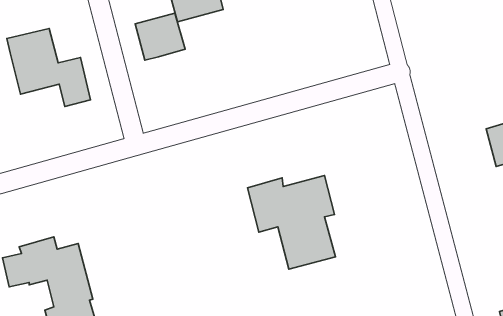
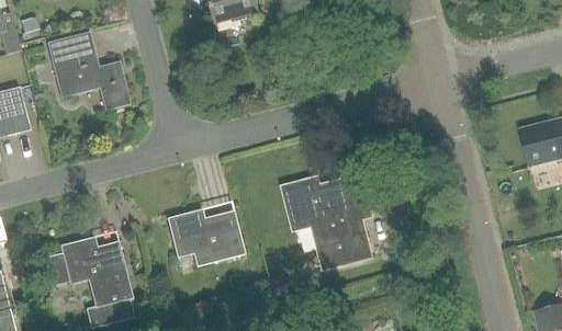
building: [135,13,185,60] -> none
building: none -> [167,208,245,265]

